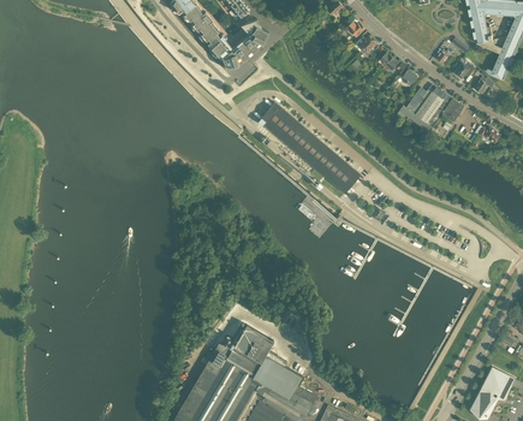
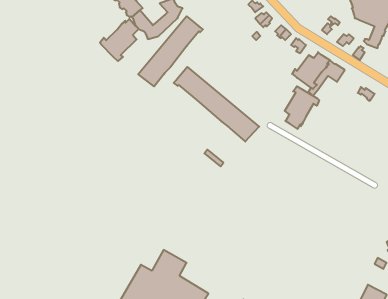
building: none -> [138,16,203,86]
building: none -> [100,19,139,61]
building: none -> [285,86,319,129]

